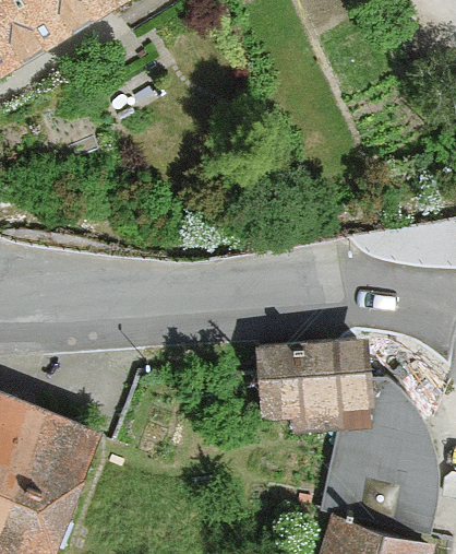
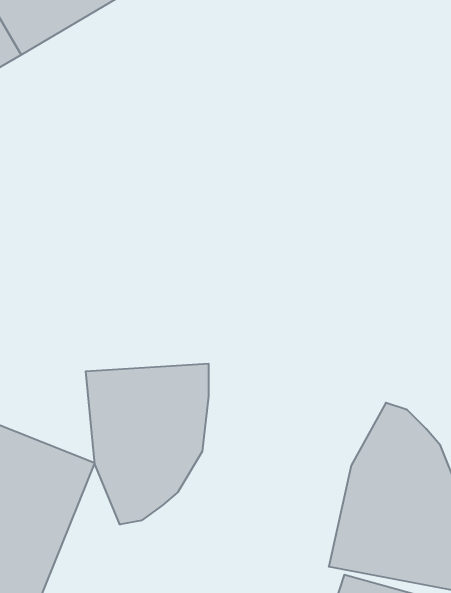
building: none -> [86,364,209,525]
building: [261,339,367,433] -> none

